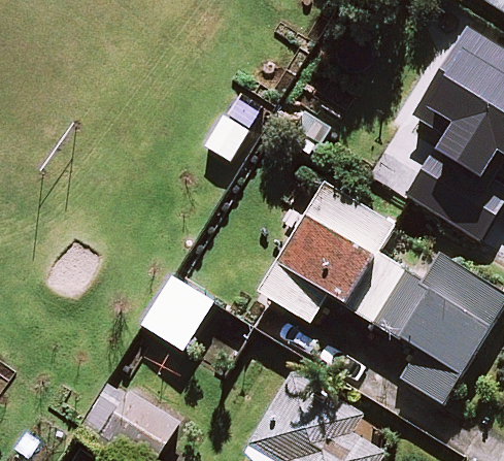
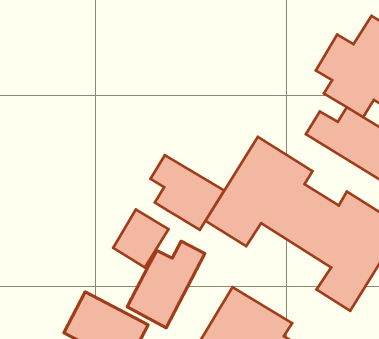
building: none -> [151,155,224,230]
building: none -> [127,241,205,328]

